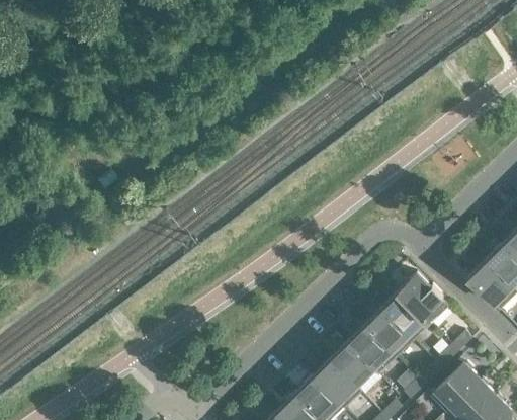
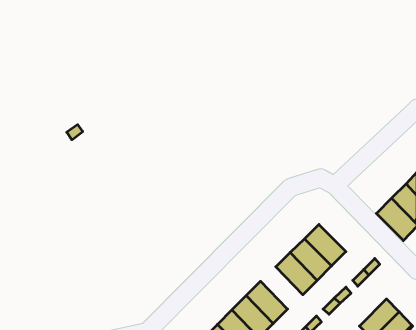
building: [399,271,449,322] -> none
building: [329,340,382,394] -> none
building: [431,362,480,411] -> none

